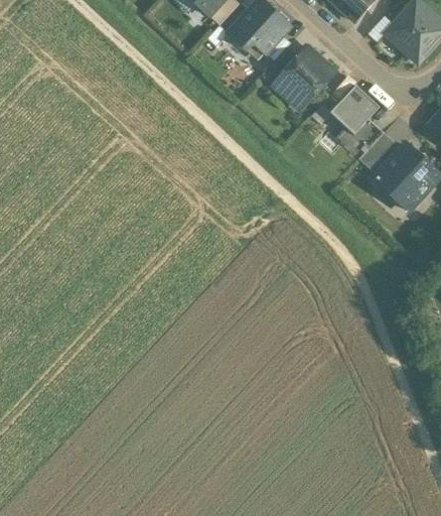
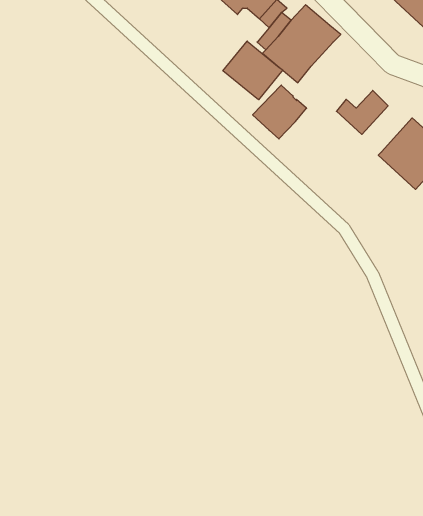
building: none -> [223,41,283,100]
building: [329,85,379,134] -> [253,85,307,139]
building: [358,132,401,174] -> none

